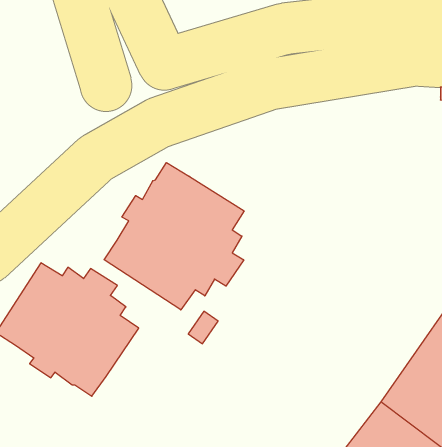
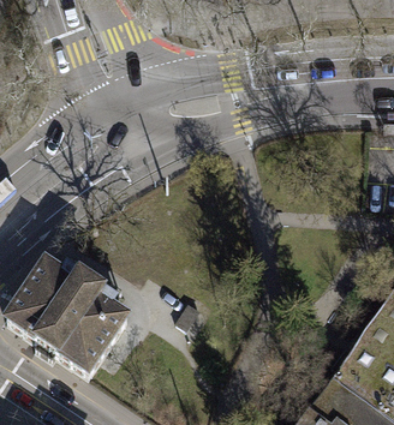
building: [104,163,244,310] -> none

